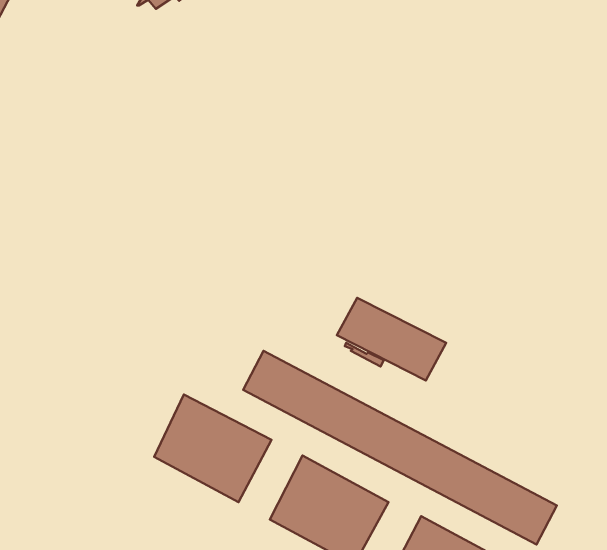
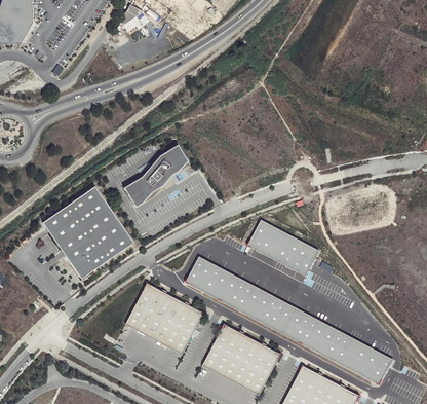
building: none -> [123,144,188,204]
building: none -> [42,185,132,278]

